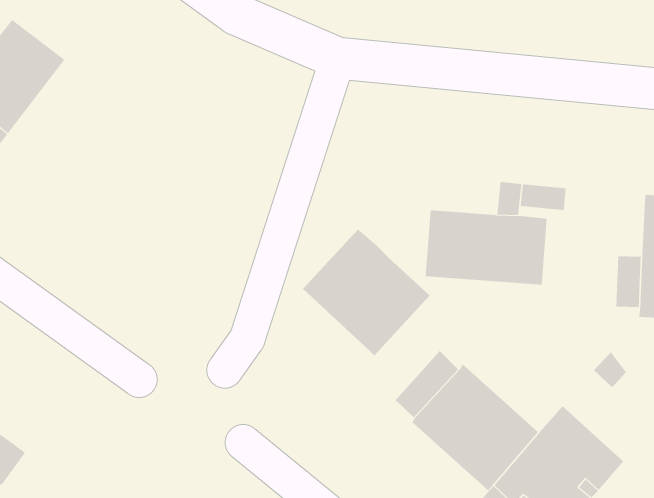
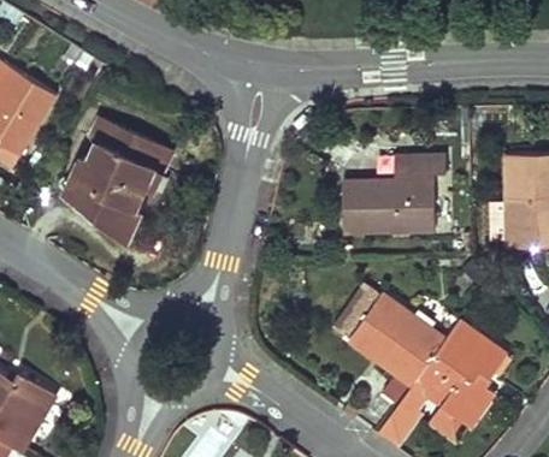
building: none -> [63,119,171,242]
building: [302,228,430,356] -> none

